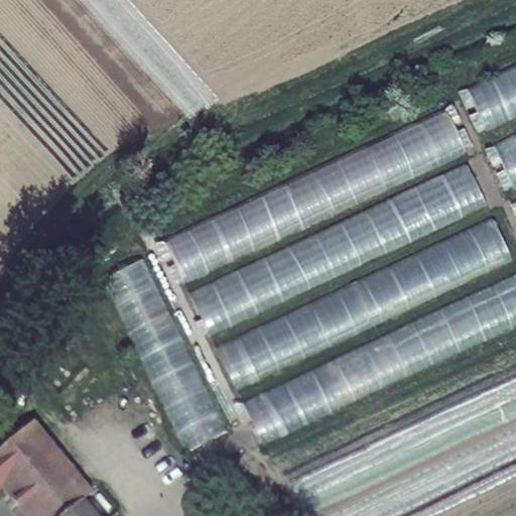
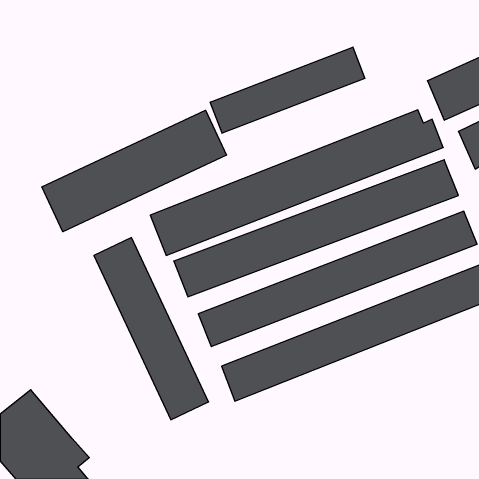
building: none -> [210,47,365,133]
building: none -> [42,110,226,232]

